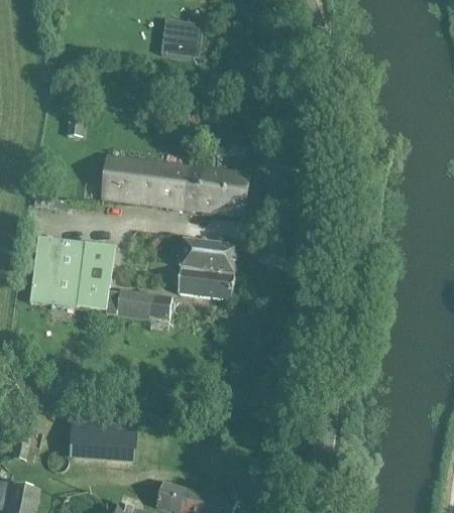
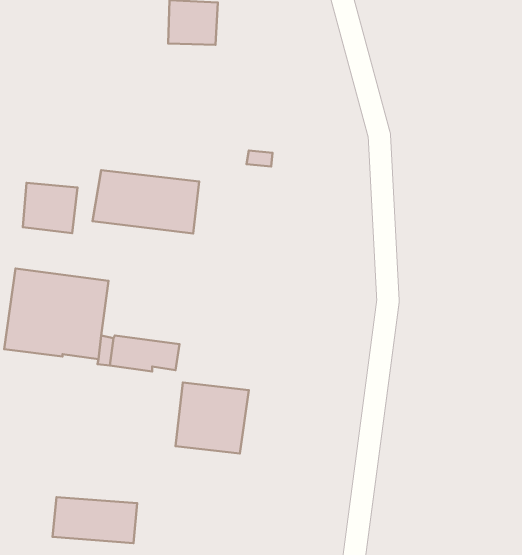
building: [183,166,246,216] -> none
building: none -> [23,183,77,233]
building: [178,242,237,299] -> [175,383,249,453]

